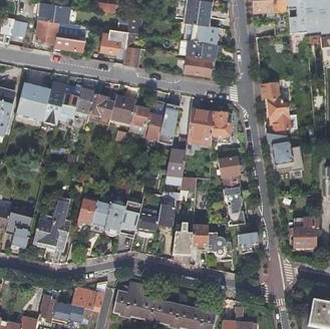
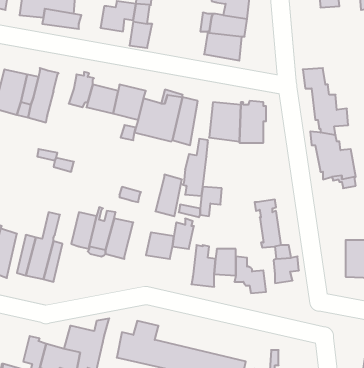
building: [58,84,82,122] -> none
building: [218,155,240,189] -> none
building: [119,203,140,236] -> [155,175,182,216]

